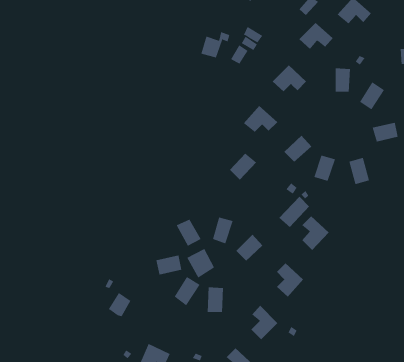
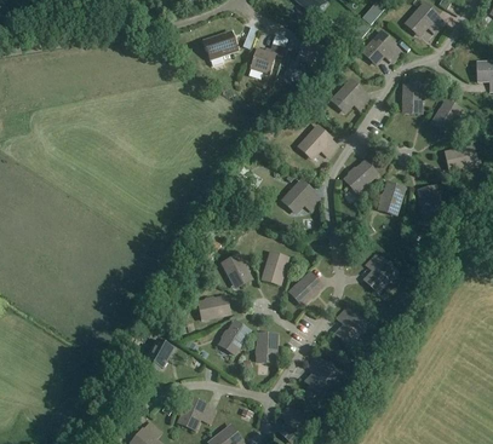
building: none -> [202,27,237,57]
building: [279,196,310,228] -> none
building: [187,248,215,278] -> none

